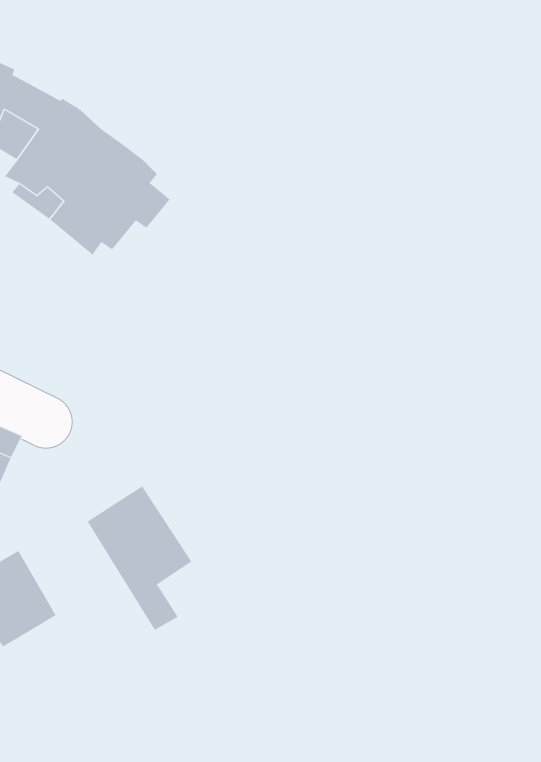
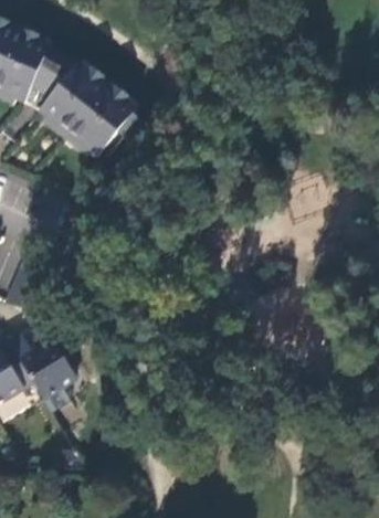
building: [87,485,192,631] -> none

